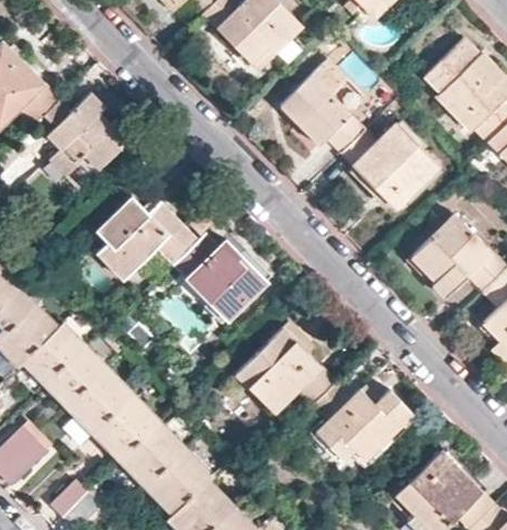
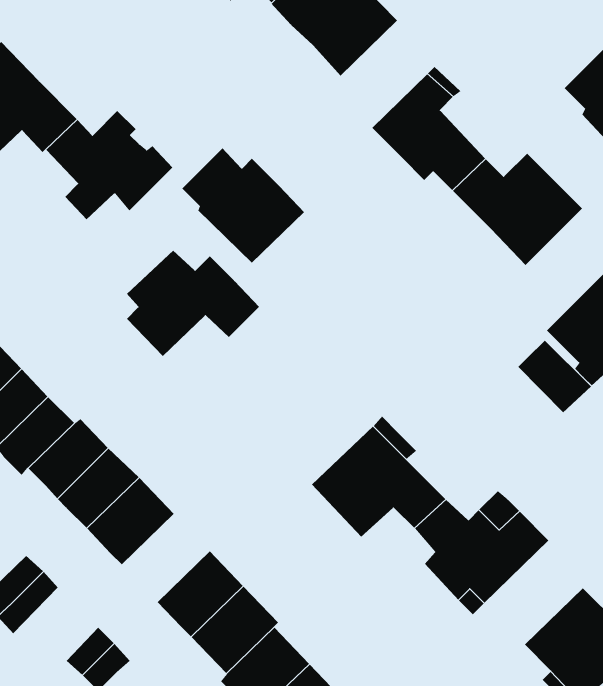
building: [173,233,266,319] -> [181,148,305,263]
building: none -> [518,340,592,413]
building: [93,395,159,461] -> none

